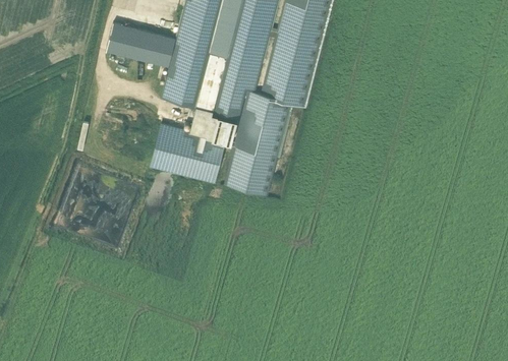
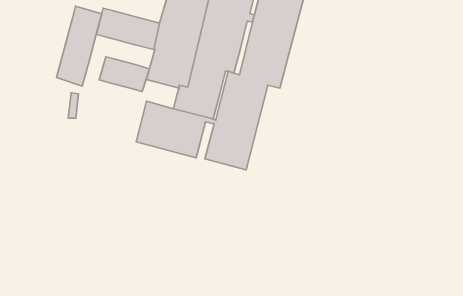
building: none -> [57,6,102,86]
building: none -> [99,57,149,91]

